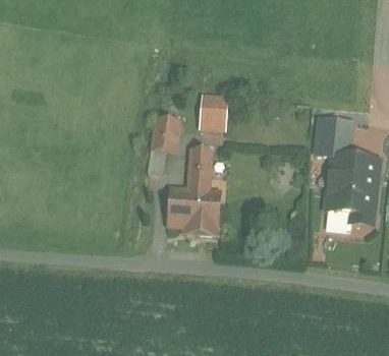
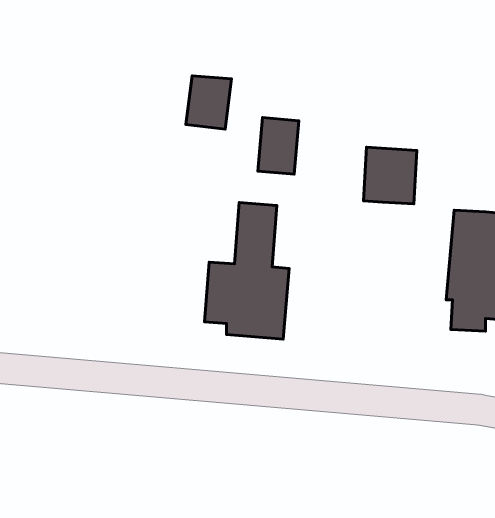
building: [153,117,182,152] -> [186,76,231,129]
building: [316,117,350,154] -> [364,147,417,204]

